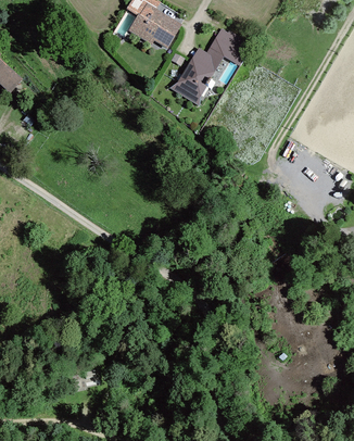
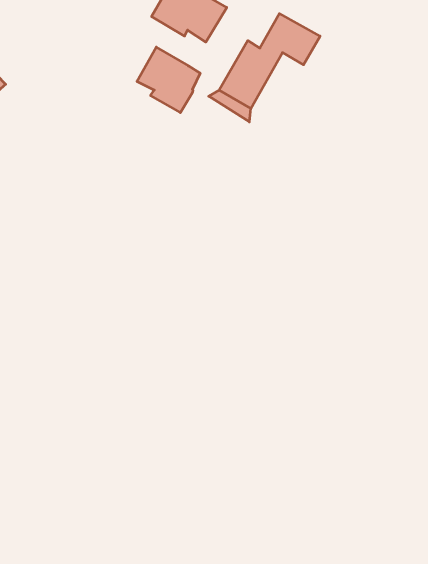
building: none -> [137,47,200,113]

